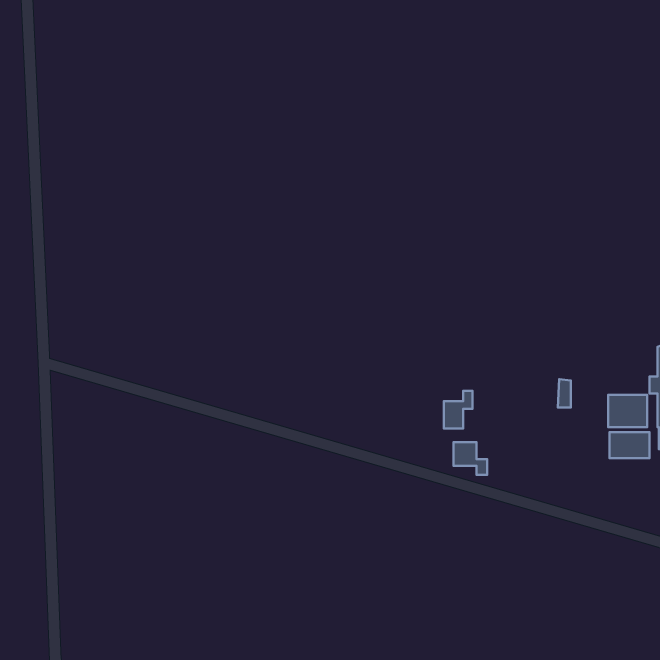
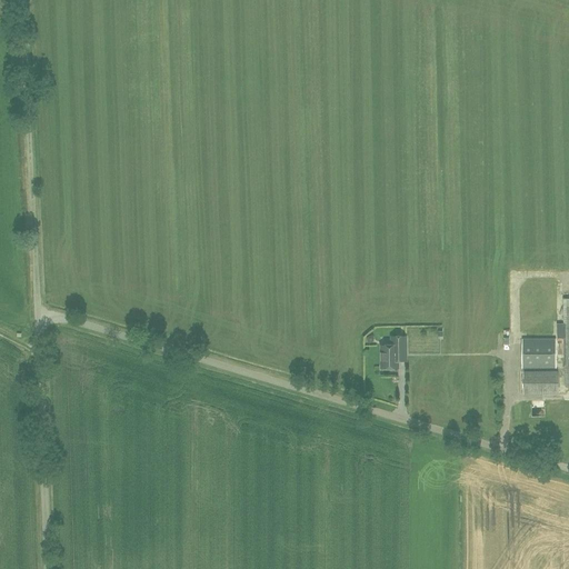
building: [453,442,487,475] -> none

